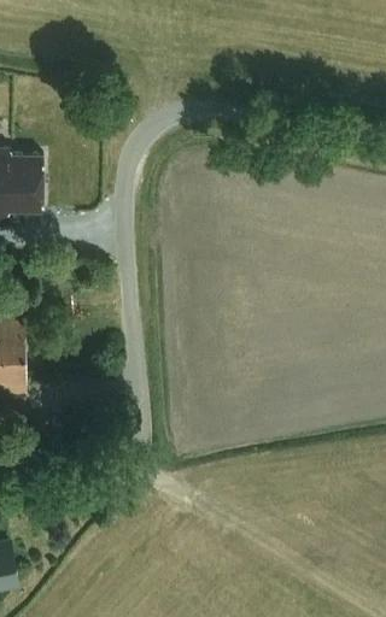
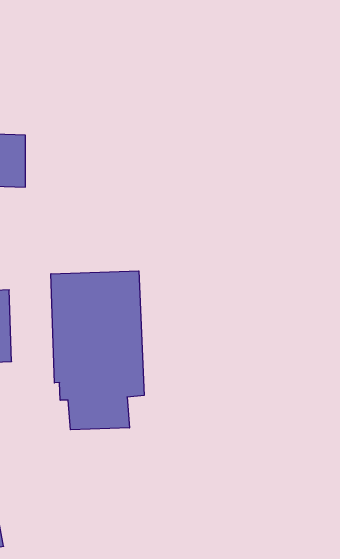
building: none -> [51,271,144,430]

